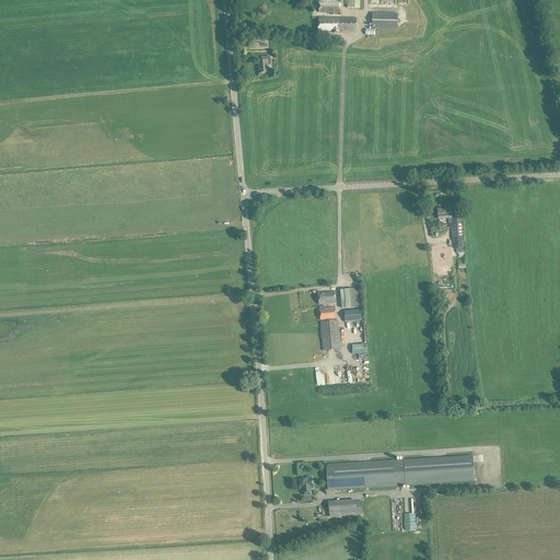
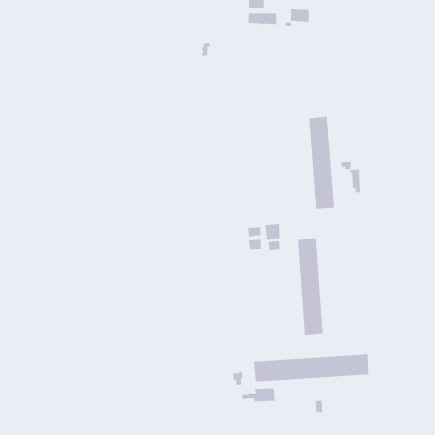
building: none -> [309,116,334,209]
building: none -> [297,238,323,336]
building: [319,319,340,350] -> none

